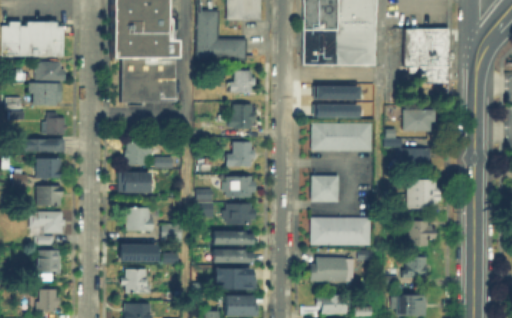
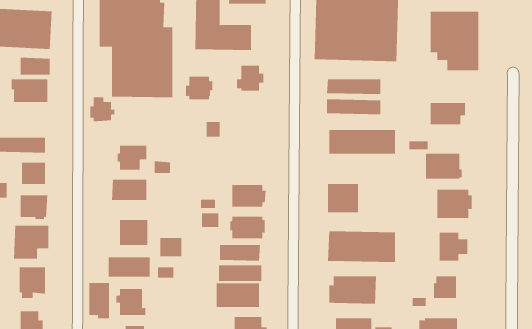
building: [232,110,257,131] -> [185,76,213,100]
building: [45,114,68,136] -> [89,97,115,122]
building: [228,143,256,169] -> none
building: none -> [89,282,109,319]

